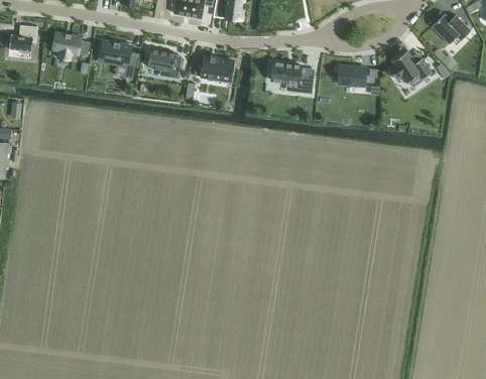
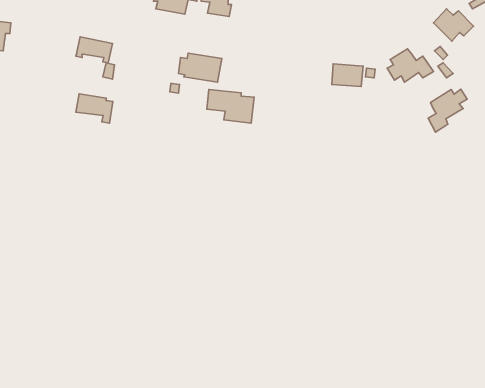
building: [51,30,90,59] -> none
building: [147,49,181,77] -> [76,94,113,123]
building: [270,61,315,93] -> [207,90,254,123]
building: none -> [428,89,467,132]

